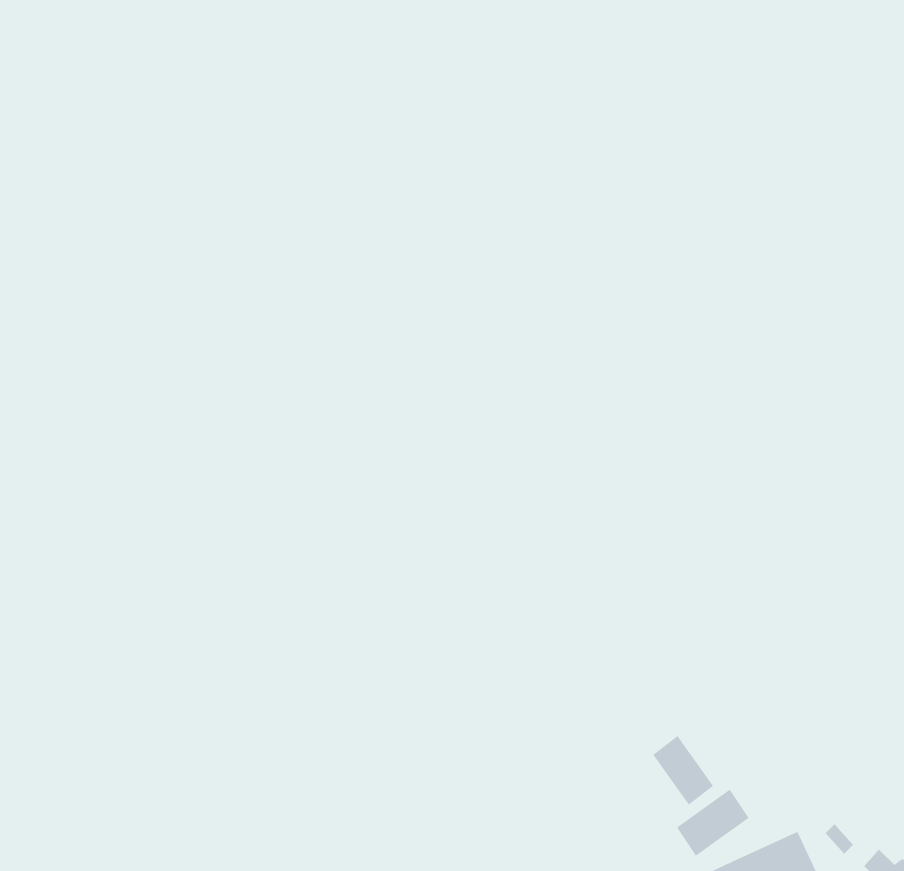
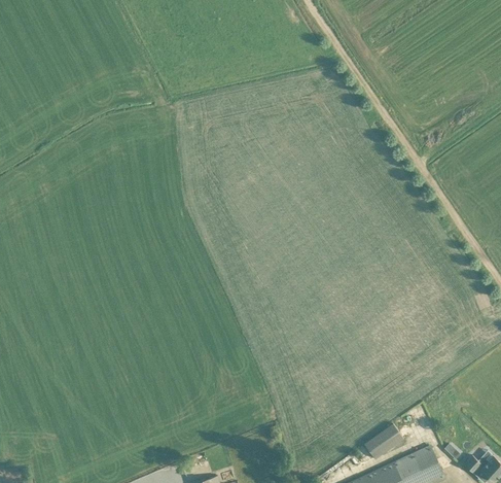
building: [652,735,714,805] -> none

